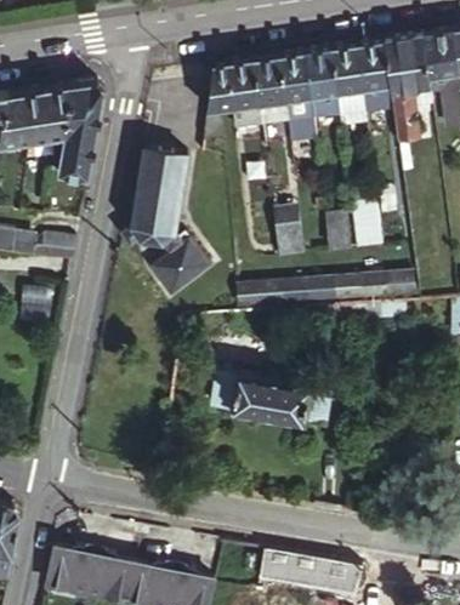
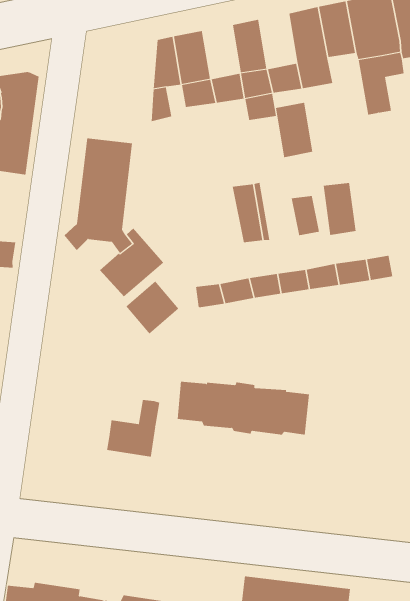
building: [305,48,336,97] -> [275,102,313,158]
building: [254,56,285,103] -> none
building: none -> [126,280,179,335]
building: none -> [107,399,160,458]

